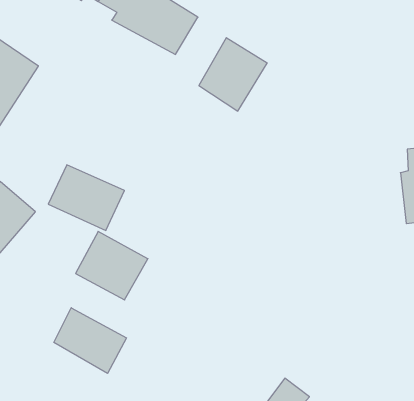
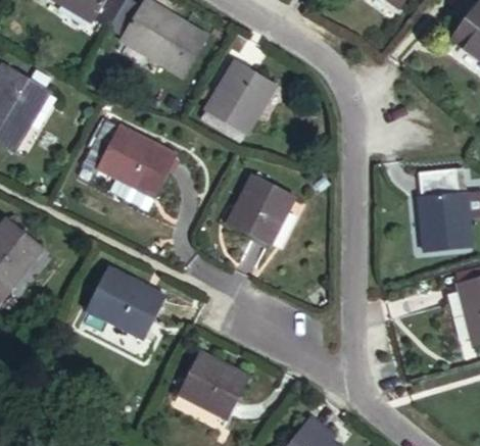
building: none -> [226,181,293,252]
building: [48,165,124,230] -> [96,127,176,195]
building: [54,308,126,373] -> none
building: none -> [177,352,241,415]

